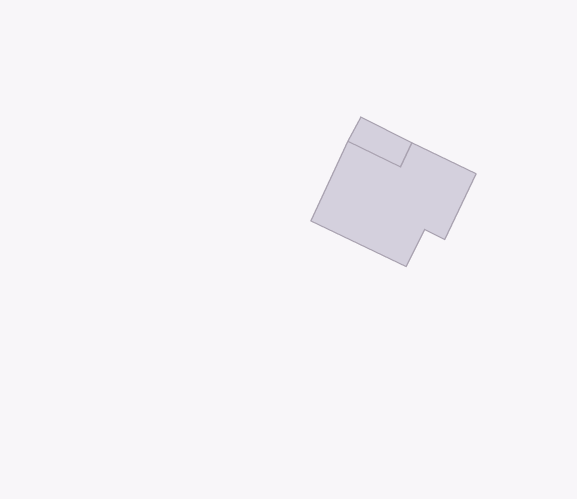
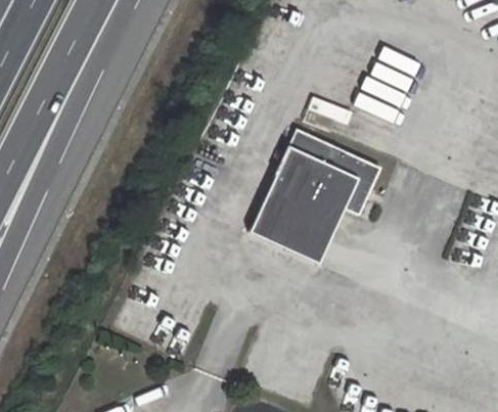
building: none -> [248,202,330,263]

